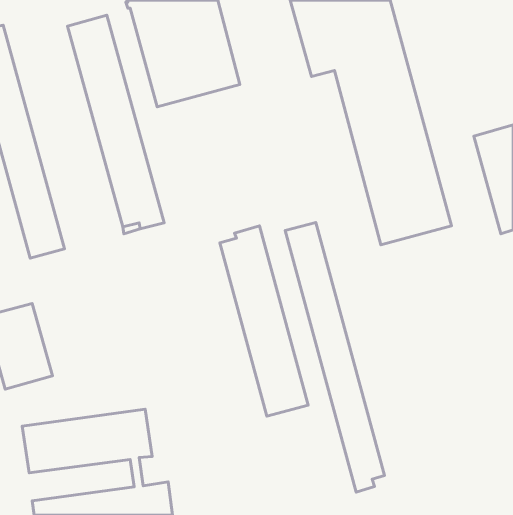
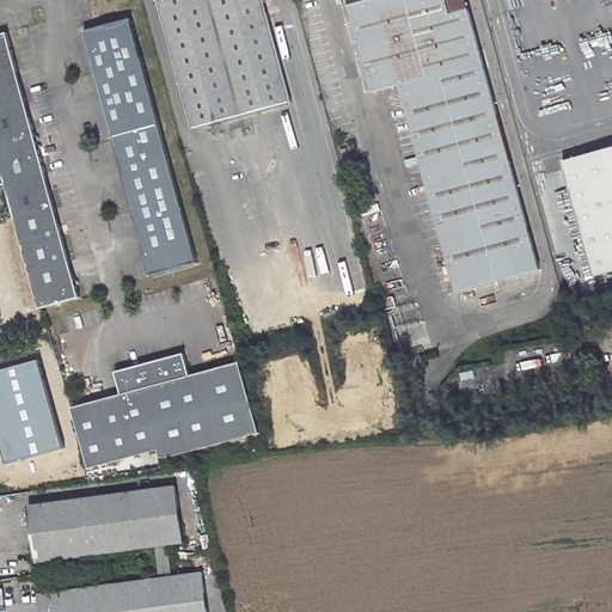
building: [285,222,384,492] -> none
building: [220,226,308,416] -> none
building: none -> [69,355,256,470]

